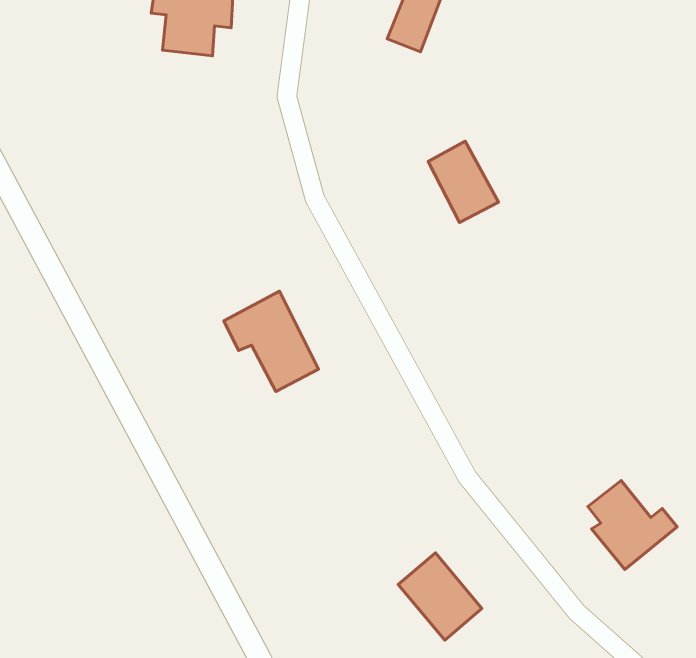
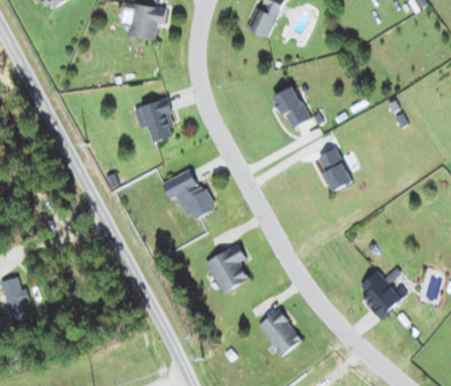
building: none -> [141,98,174,143]
building: none -> [317,147,352,191]
building: none -> [204,243,250,294]

